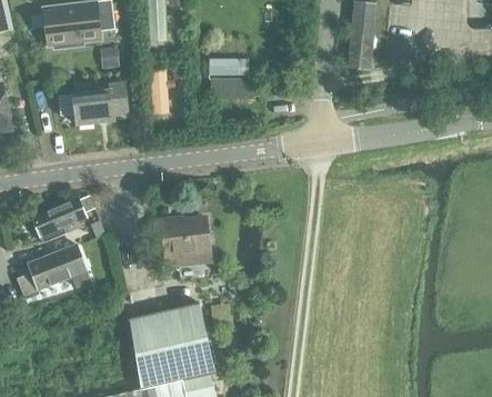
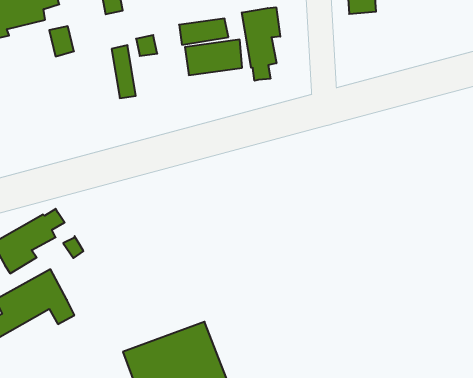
building: none -> [242,7,280,81]
building: [73,82,128,125] -> none
building: [161,215,211,267] -> none

